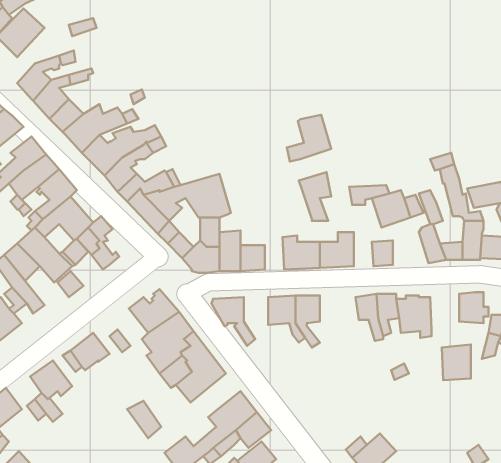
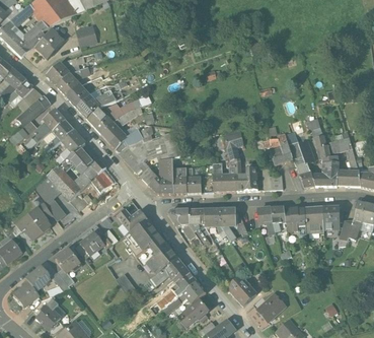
building: [287,115,331,161] -> none
building: none -> [189,208,211,247]
building: [442,344,471,380] -> [305,206,323,228]
building: none -> [150,256,186,285]
building: none -> [229,274,256,303]

